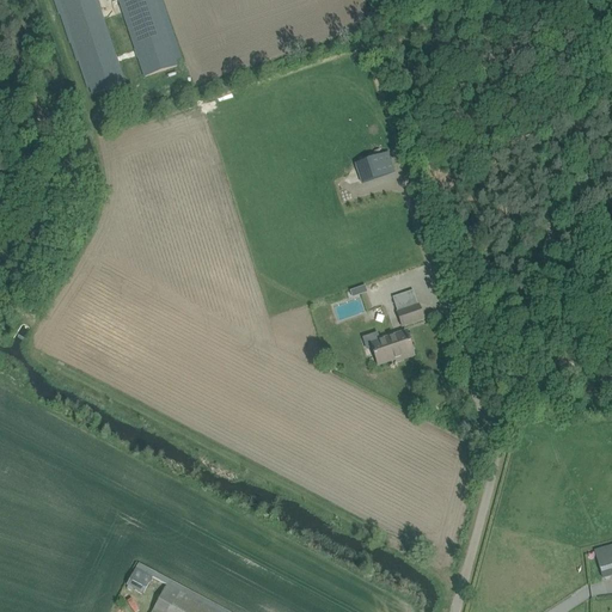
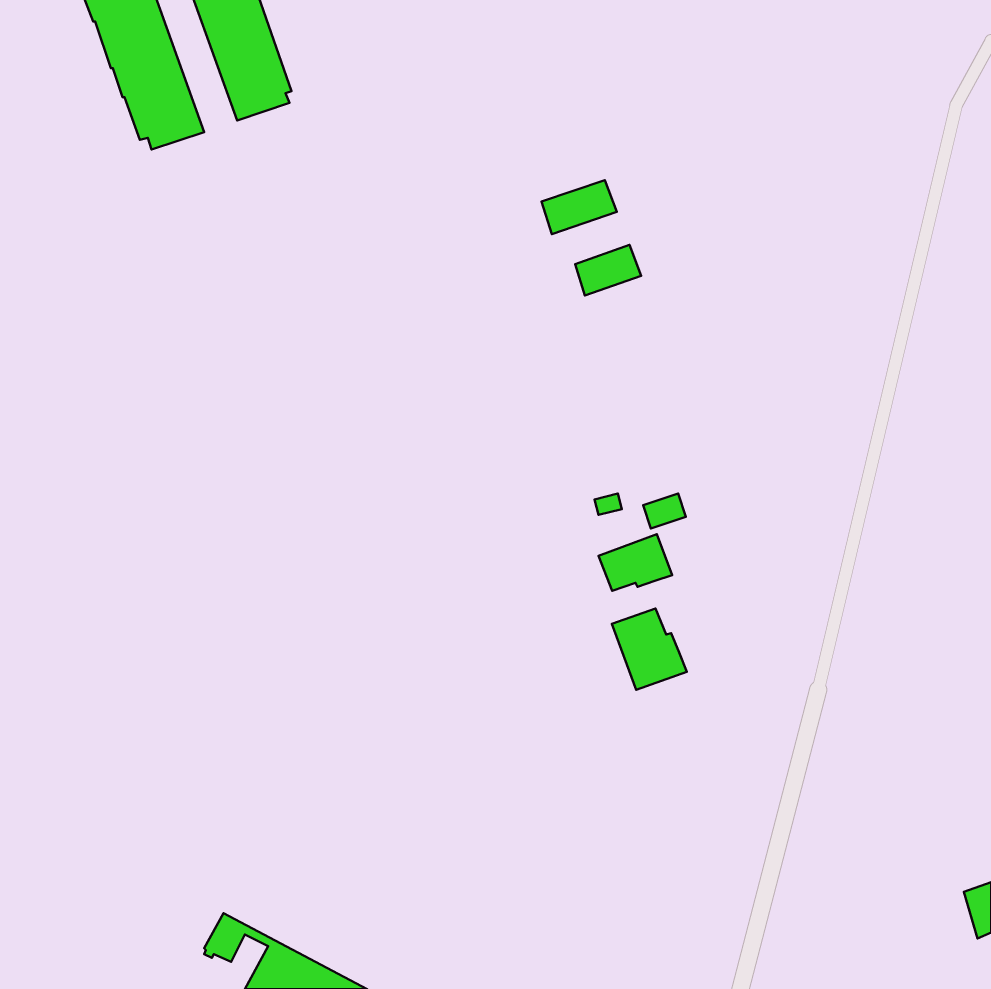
building: none -> [541,180,617,234]
building: none -> [612,609,687,690]

